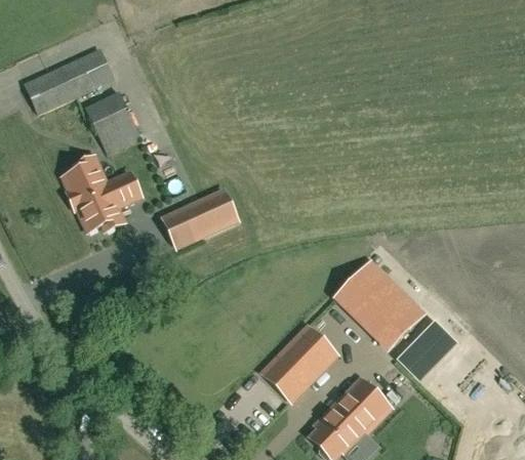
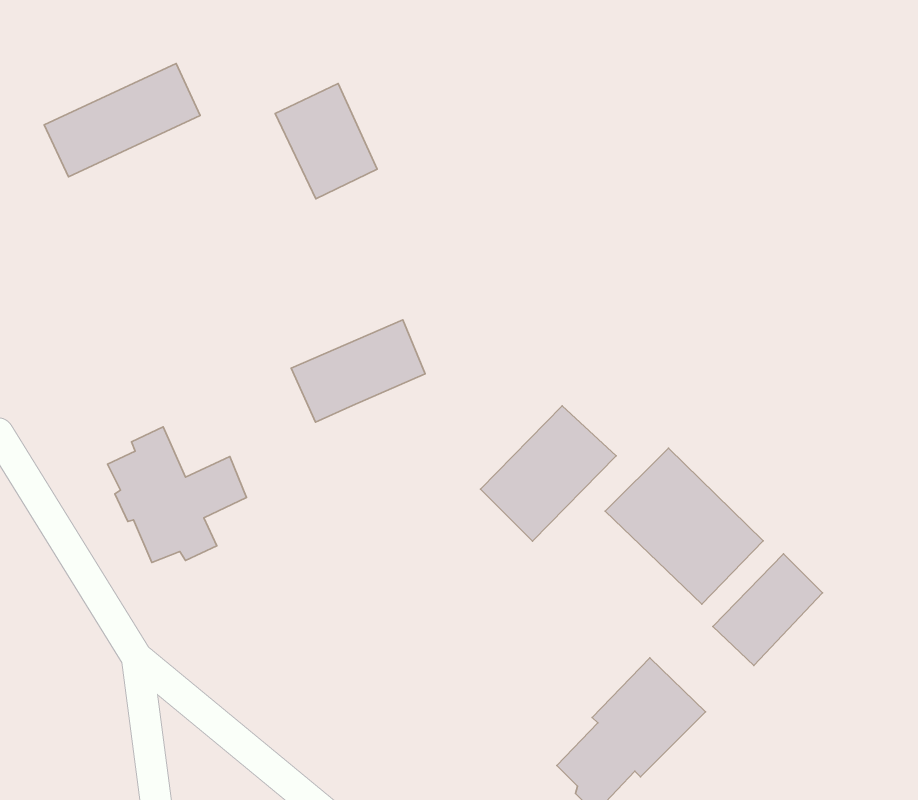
building: [84,90,140,154] -> [275,84,377,199]
building: [63,156,139,231] -> [107,427,247,563]
building: [261,326,336,401] -> [480,406,616,541]

